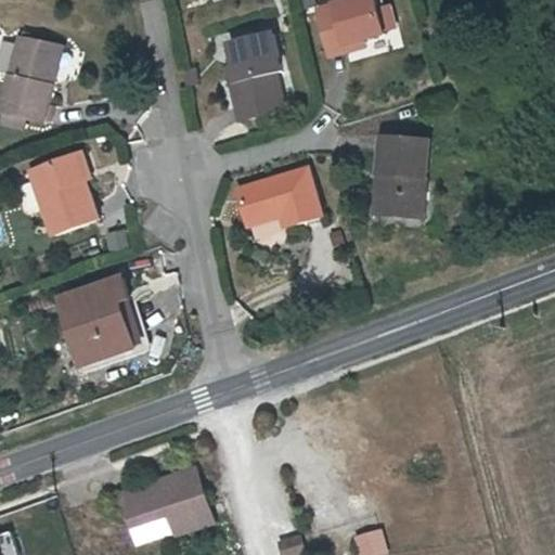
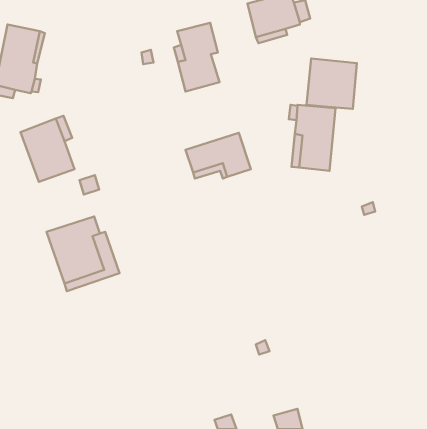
building: none -> [306,59,357,109]
building: [109,479,199,545] -> none

